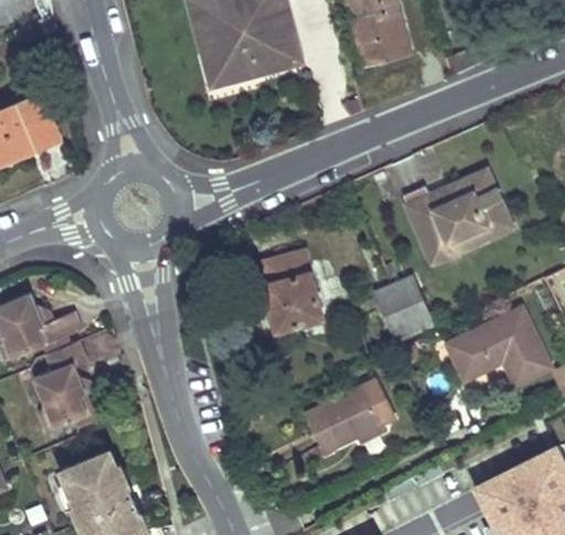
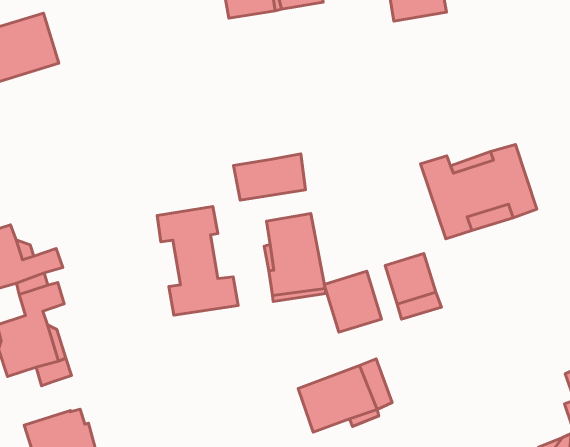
building: none -> [234,154,306,200]
building: none -> [157,207,238,315]
building: none -> [324,271,382,332]
building: [445,310,546,386] -> none

